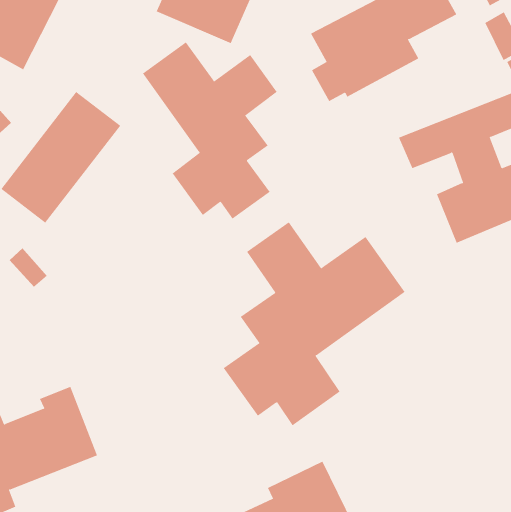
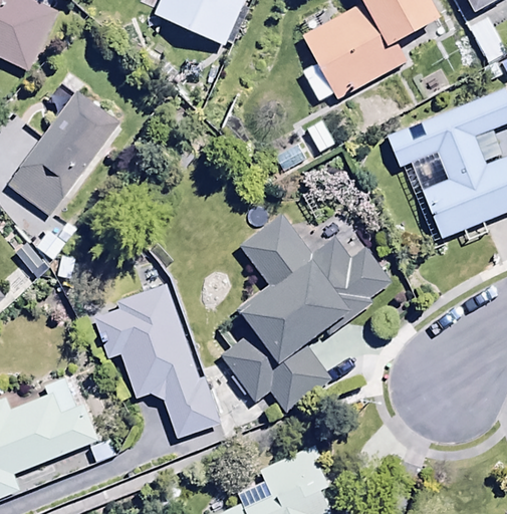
building: [142,42,278,220] -> none
building: none -> [96,284,220,438]

